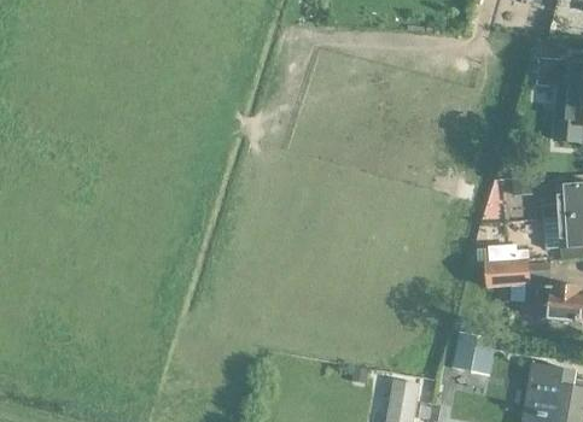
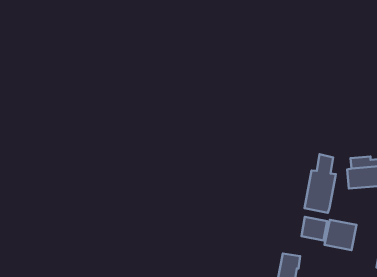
building: none -> [305,154,336,213]
building: none -> [301,217,327,240]

